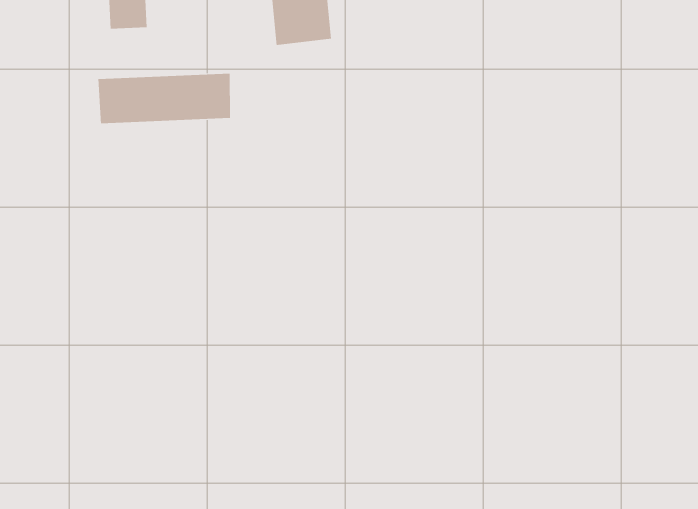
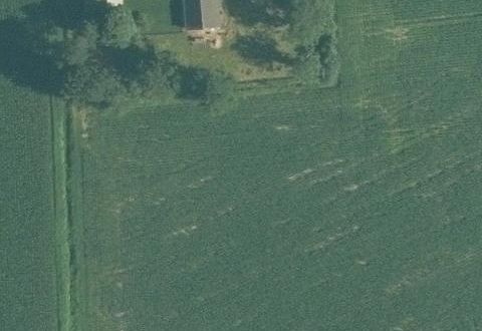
building: [98,73,230,124] -> none

